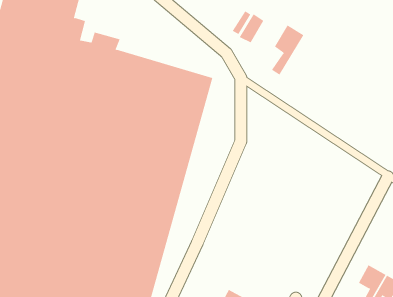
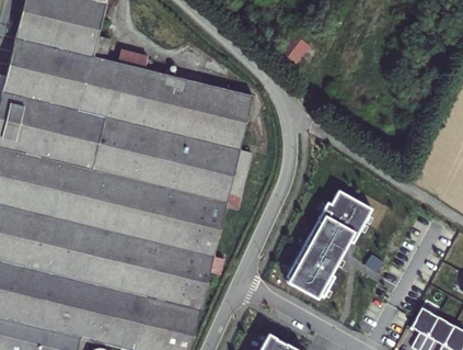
building: [271,25,304,75] -> none
building: none -> [286,191,372,298]

